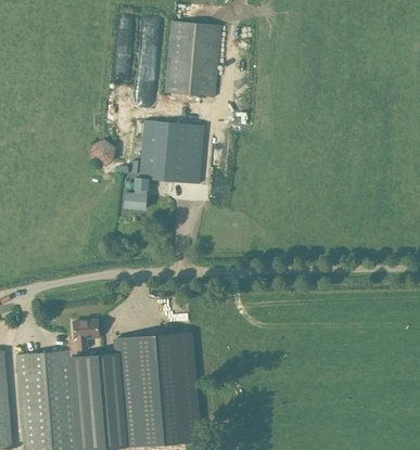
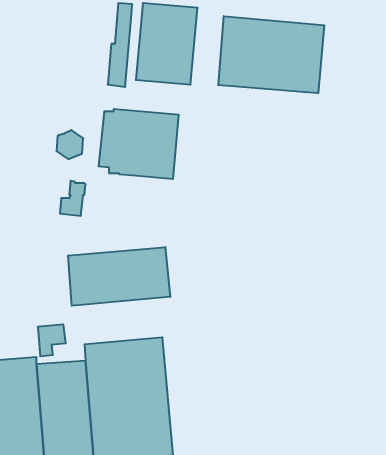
building: none -> [218,16,324,93]
building: [126,177,150,209] -> [60,181,86,216]
building: none -> [68,247,170,306]

